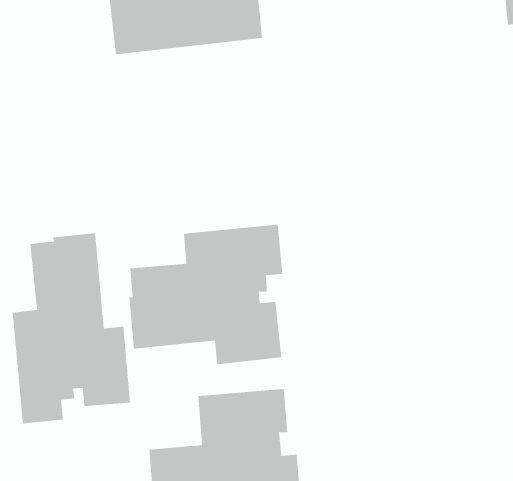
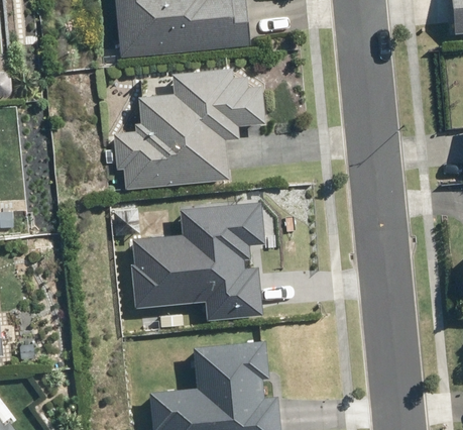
building: none -> [114,68,263,190]
building: [12,232,130,424] -> none

